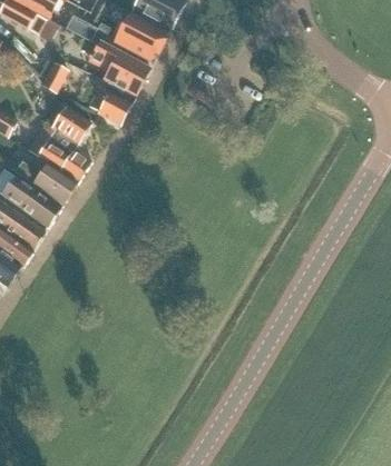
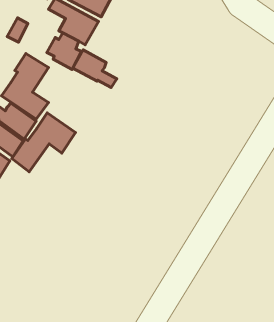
building: none -> [73,50,117,88]
building: none -> [12,113,76,172]

